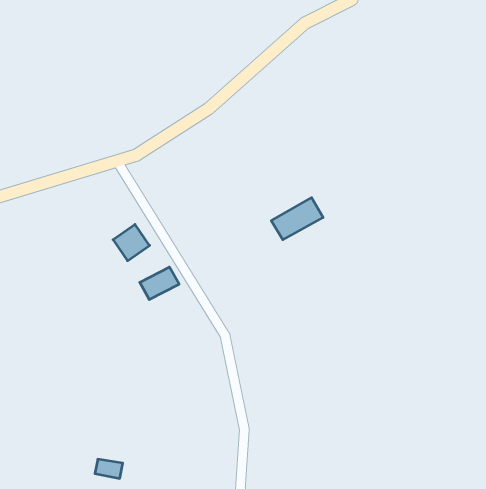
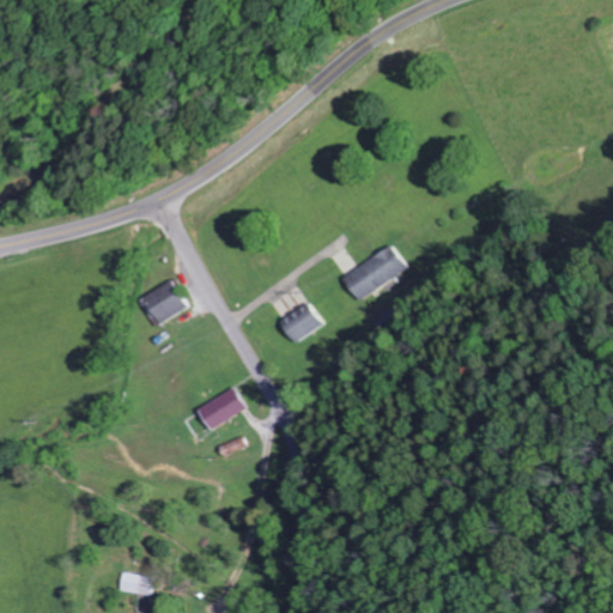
building: none -> [279,304,321,345]
building: [140,267,179,300] -> [195,389,244,430]

